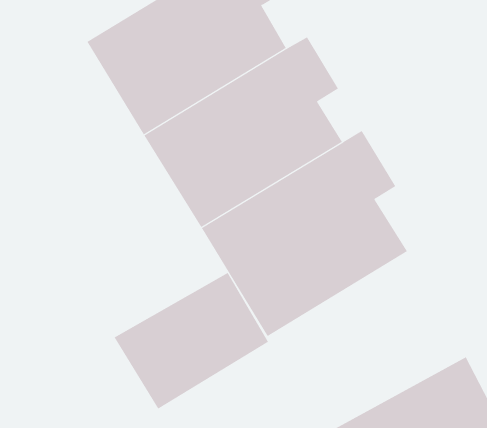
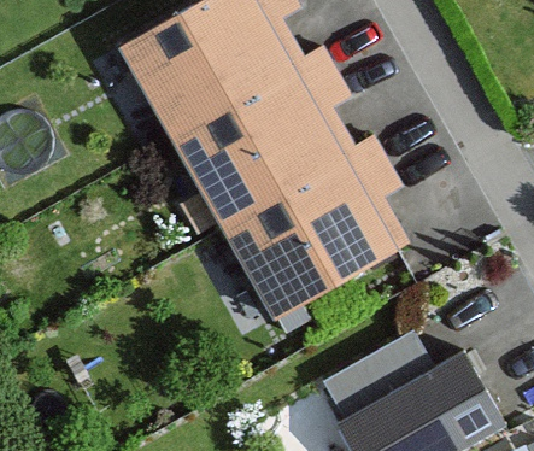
building: [114,272,269,409] -> none

